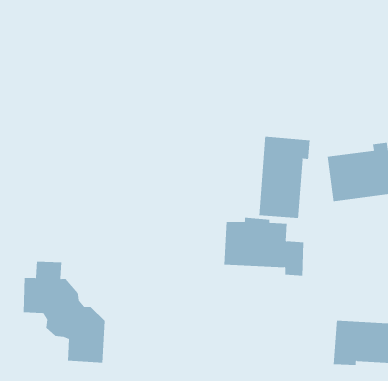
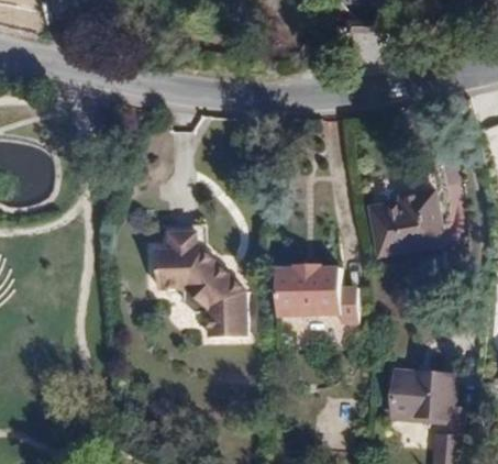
building: [259,136,310,219] -> none
building: [23,261,105,363] -> [162,232,250,341]

